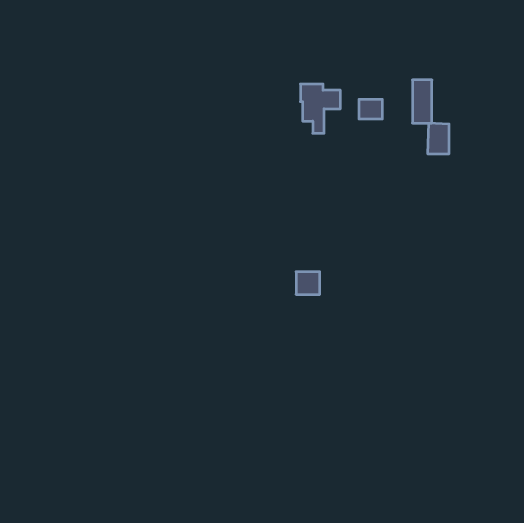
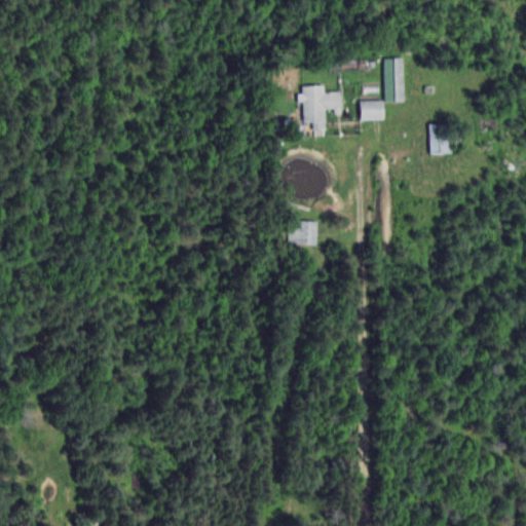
building: [412,80,432,123] -> [384,59,404,102]
building: [296,272,320,294] -> [293,221,316,243]

